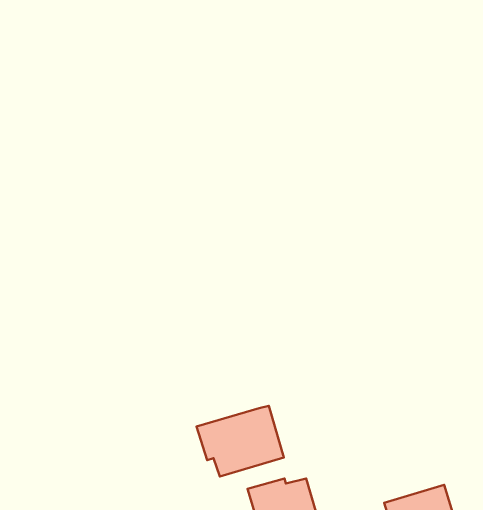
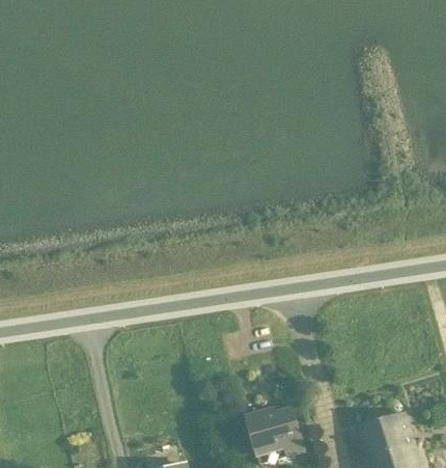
building: [196,406,284,476] -> none

